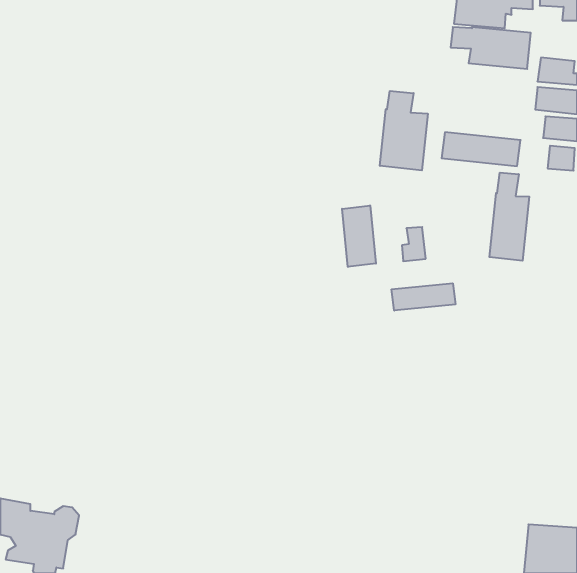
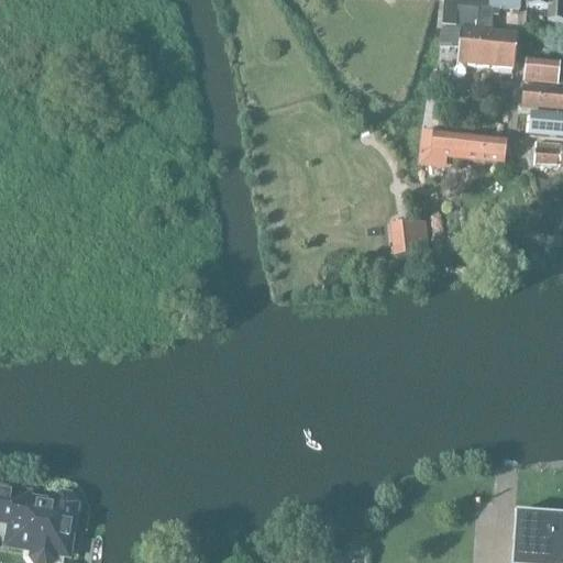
building: [380,91,428,170] -> none
building: [489,173,529,261] -> none
building: [342,205,376,267] -> none
building: [392,283,455,311] -> none

